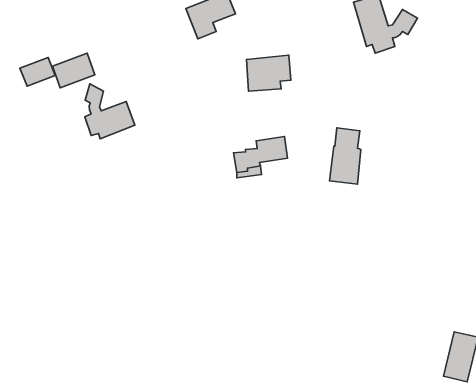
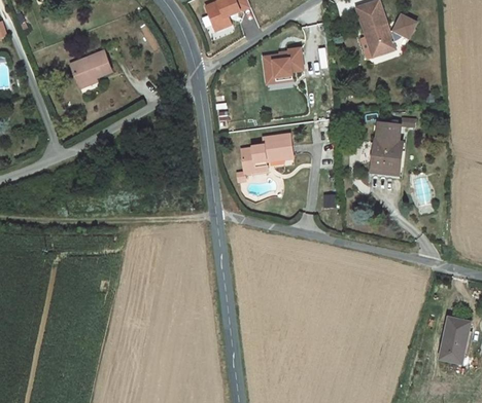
building: [20,57,55,86] -> none
building: [85,84,135,139] -> none
building: [329,128,361,184] -> [372,119,402,173]

